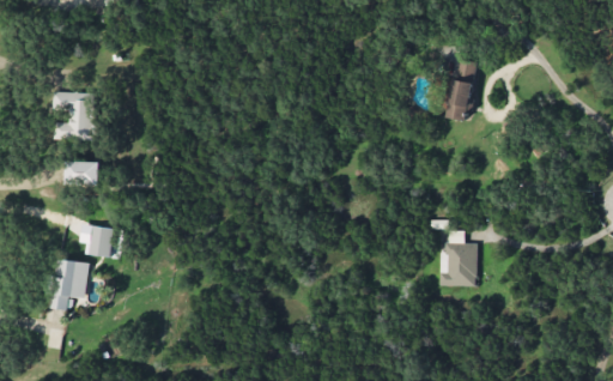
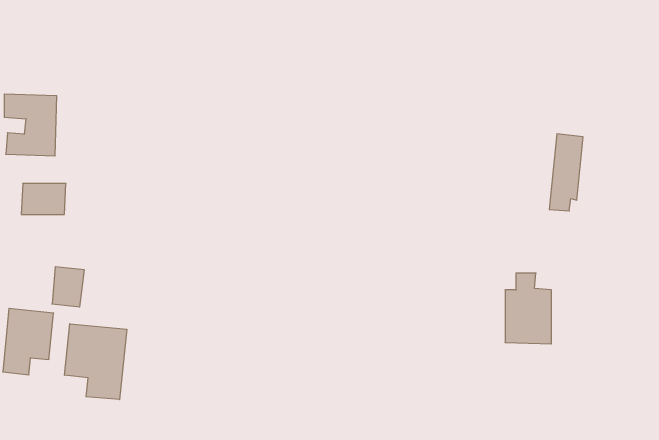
building: [449,60,475,120] -> [549,134,583,211]
building: none -> [65,324,127,400]

